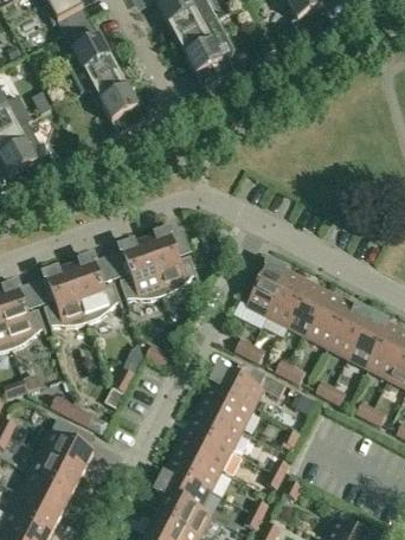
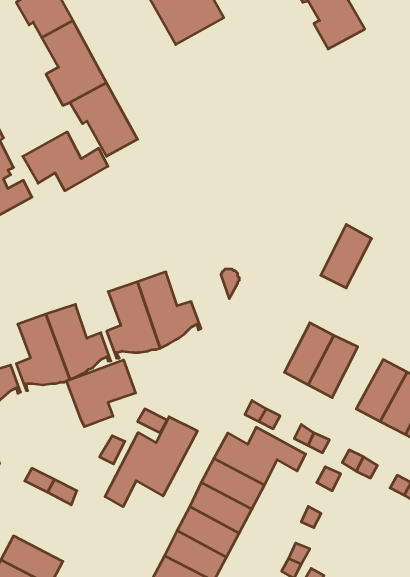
building: [178,18,236,88] -> none
building: none -> [23,132,108,191]
building: [248,262,290,315] -> [321,224,372,288]
building: [309,294,352,346] -> none
building: none -> [67,360,136,427]
building: none -> [105,417,197,507]
building: [41,431,95,474] -> none

